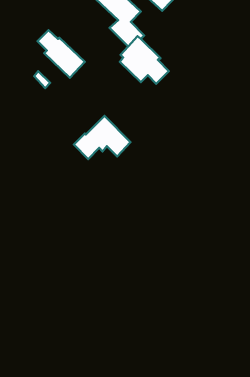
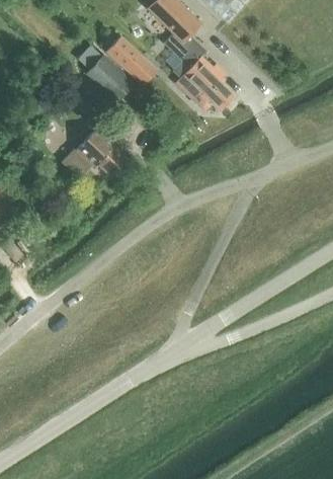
building: none -> [105,35,154,83]
building: [74,116,131,159] -> [60,127,128,178]

